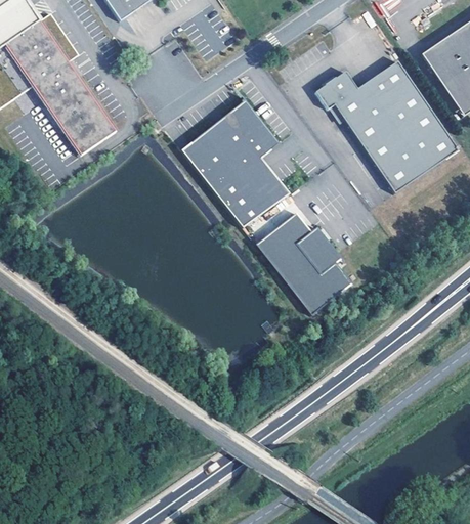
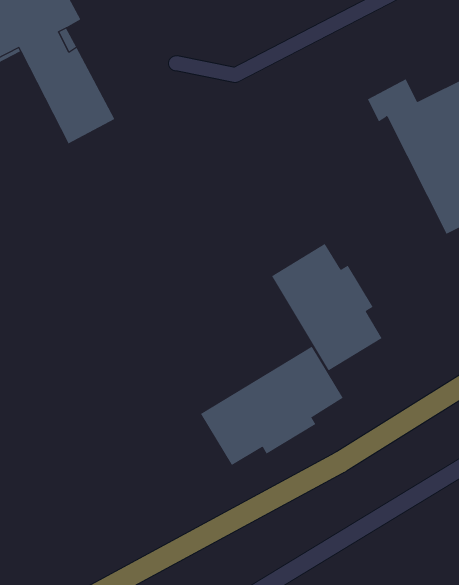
building: [183,101,289,227] -> none
building: none -> [200,346,344,466]

